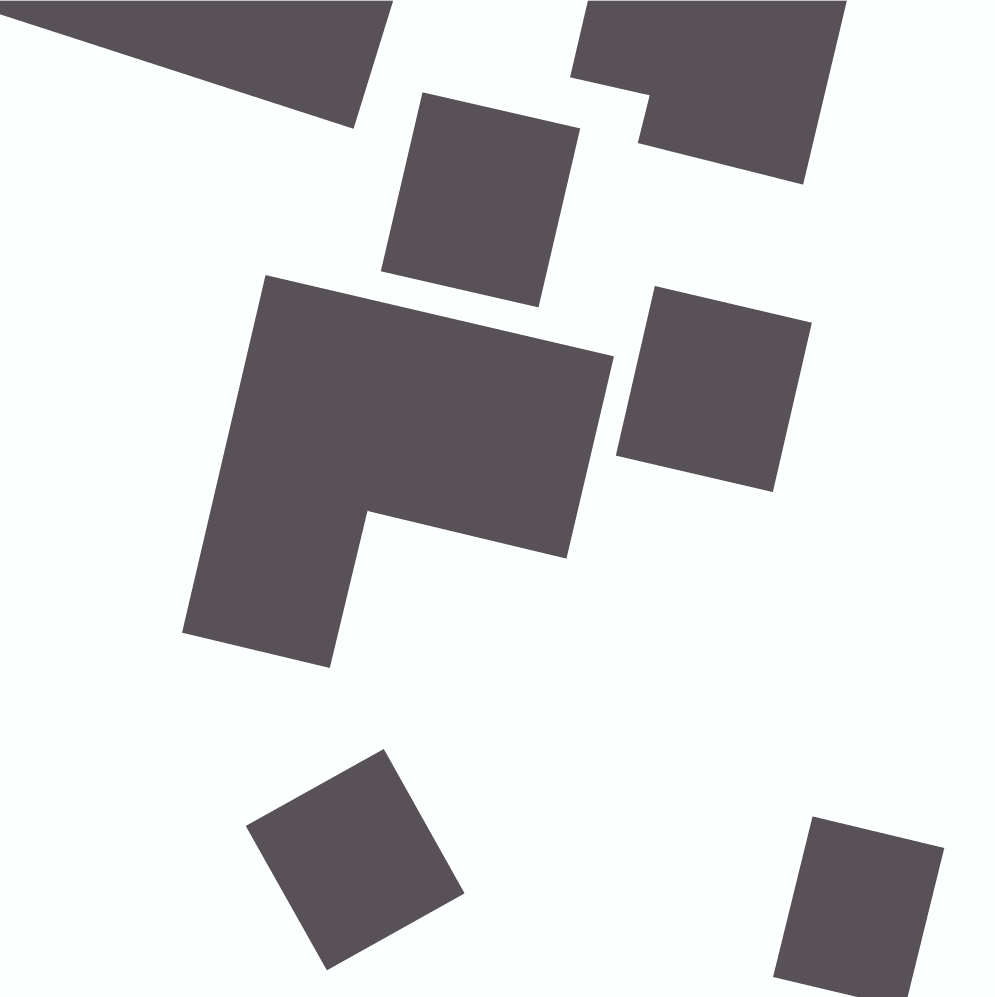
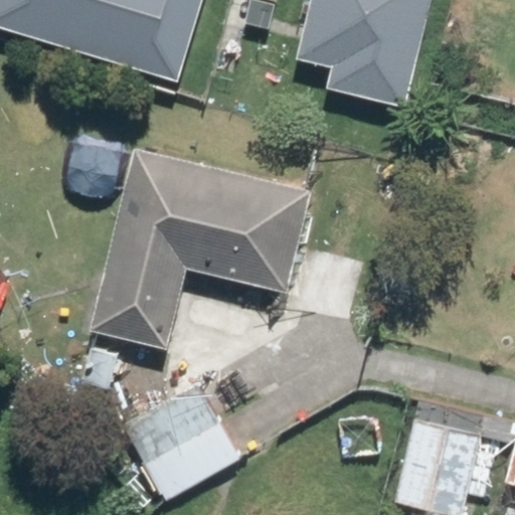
building: [380,91,581,308] -> none
building: [615,285,812,493] -> none

